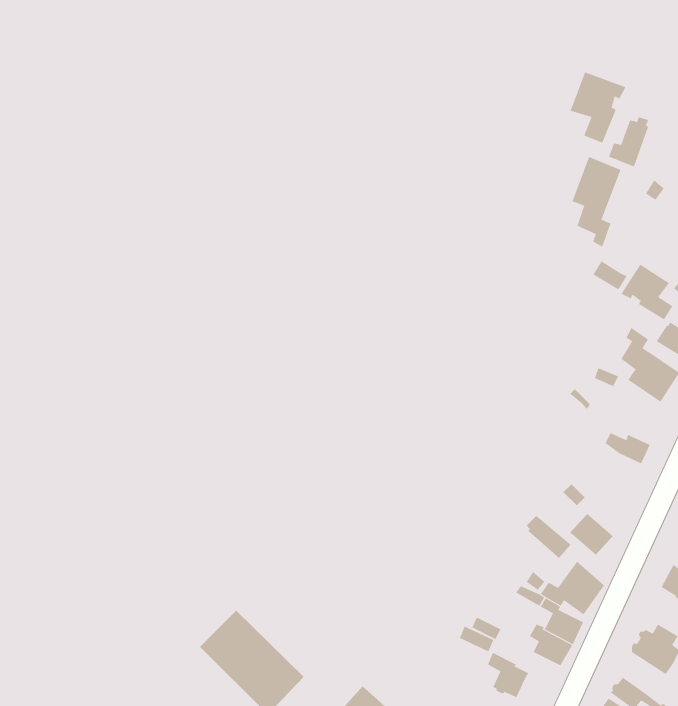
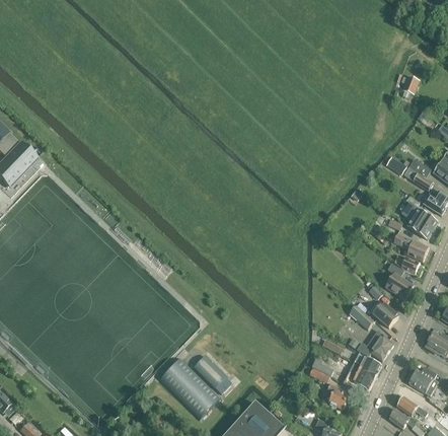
building: [570,71,626,143] -> none
building: [572,156,621,247] -> none
building: none -> [392,233,429,262]
building: none -> [385,263,413,298]
building: none -> [192,354,226,388]

